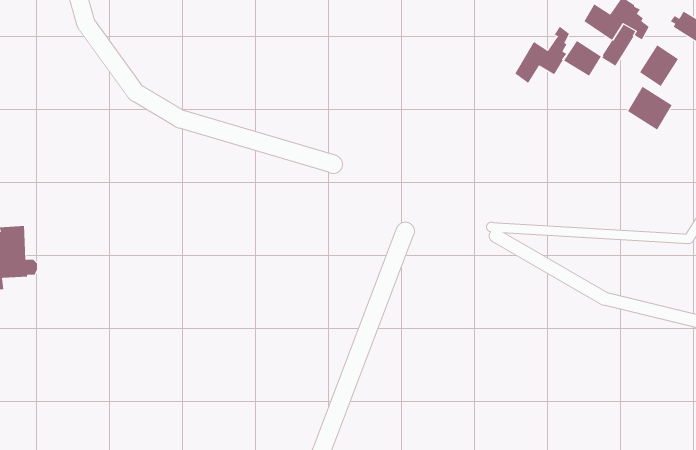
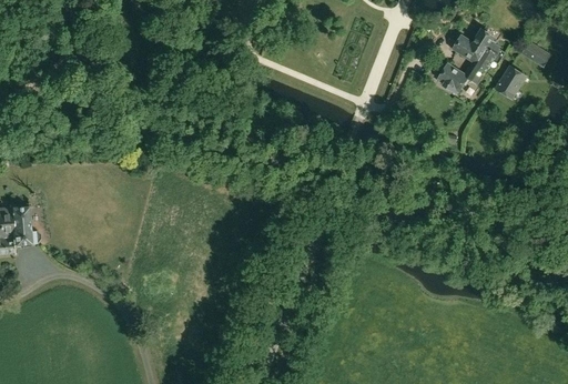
building: [514,26,570,84] -> none
building: [627,86,673,130] -> none

